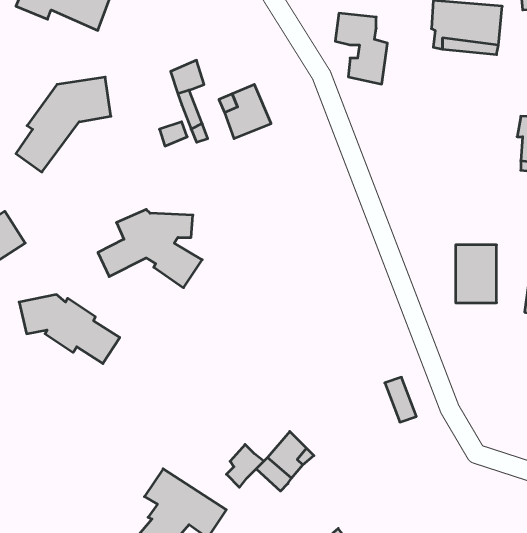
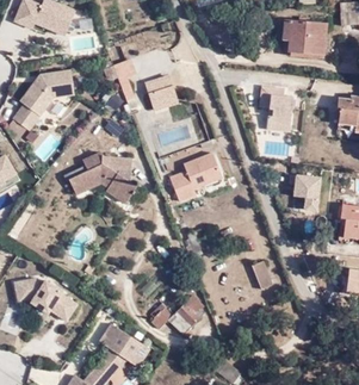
building: [335,13,387,84] -> [258,87,291,132]
building: none -> [169,154,224,205]
building: [19,295,120,364] -> [12,273,76,317]

